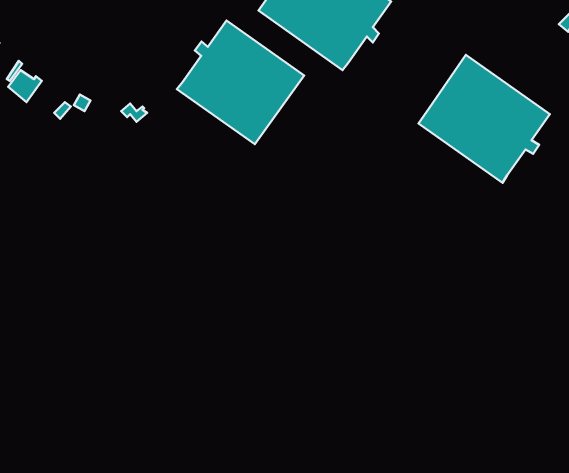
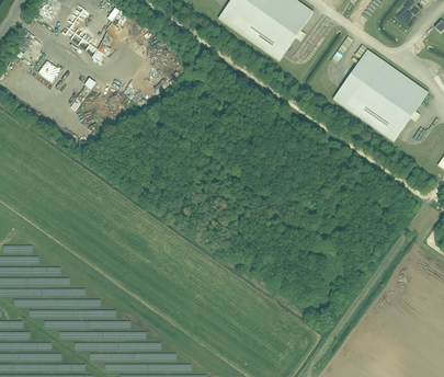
building: [177,21,304,144] -> none

